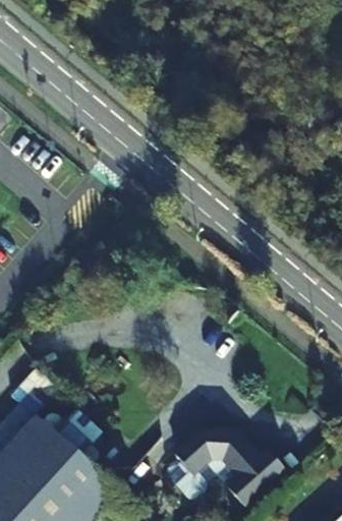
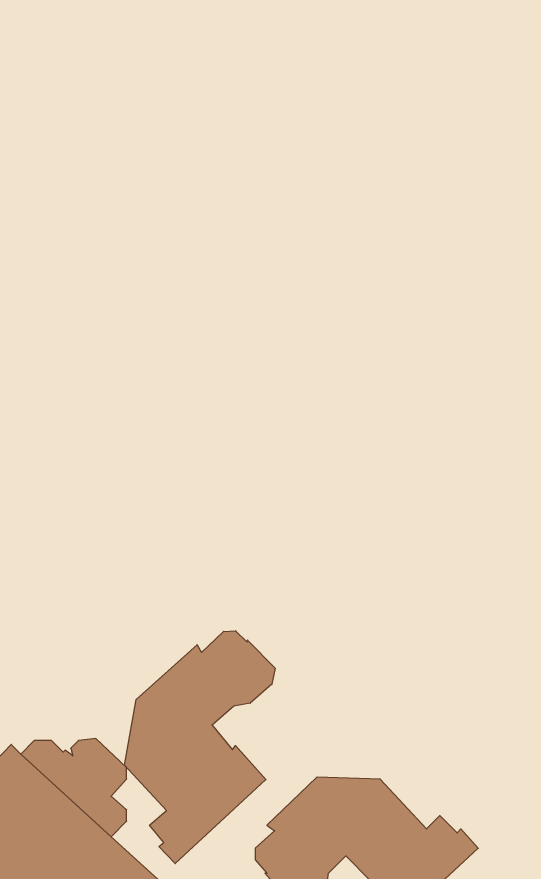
building: none -> [124,631,275,864]

